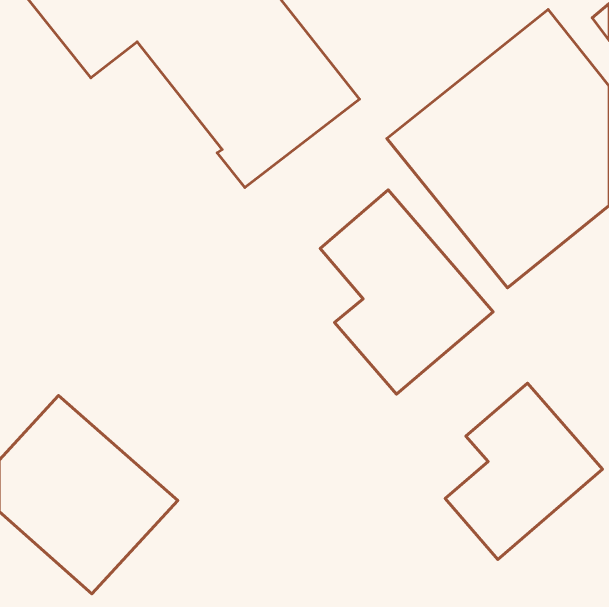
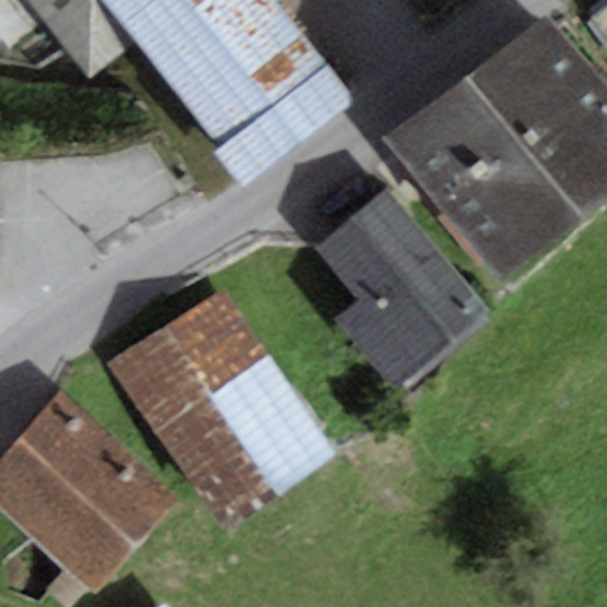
building: none -> [107,286,338,532]
building: [445,383,603,560] -> none

